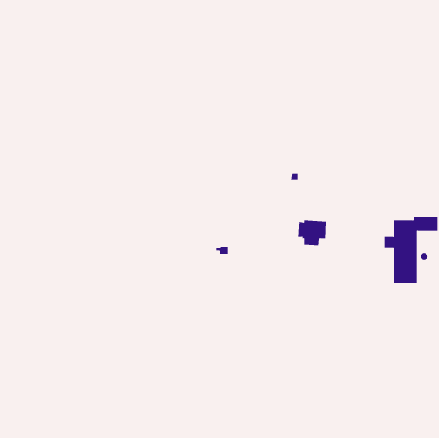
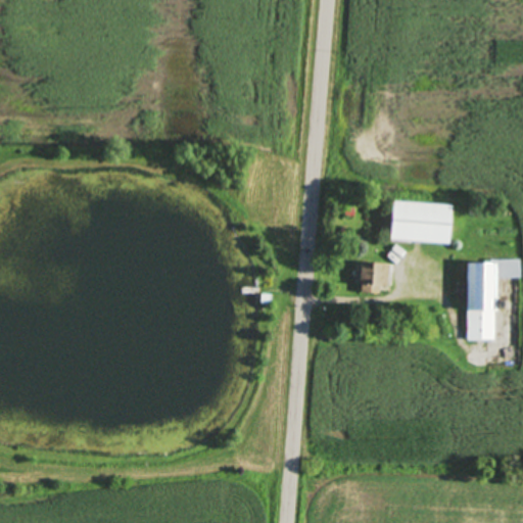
building: none -> [390,201,451,243]

